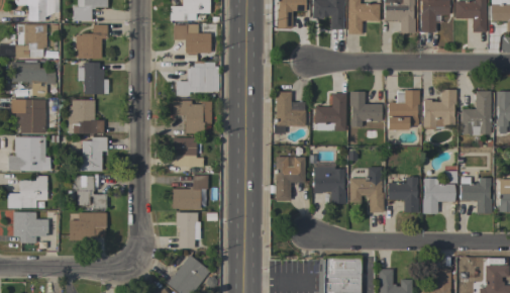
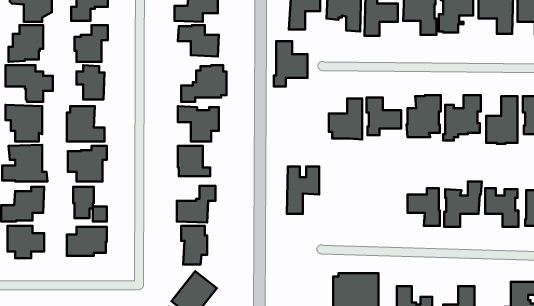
building: [274,92,305,134] -> [274,41,307,86]
building: [313,167,345,204] -> none
building: [349,179,383,212] -> none

